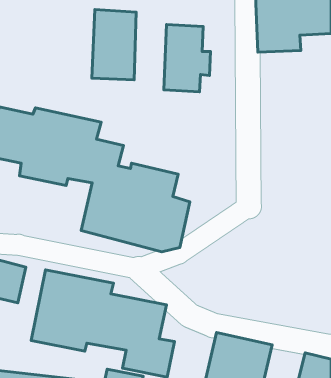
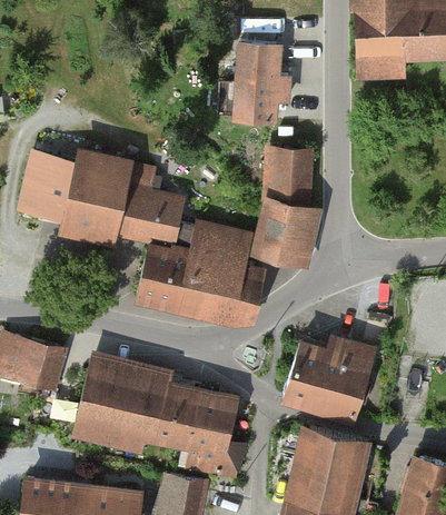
building: [92,10,136,80] -> none
building: none -> [251,146,326,268]
building: none -> [284,333,379,420]

